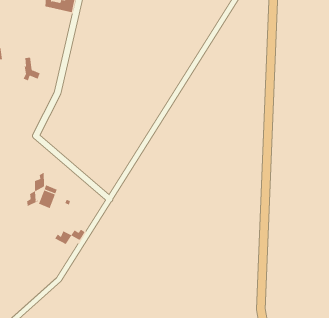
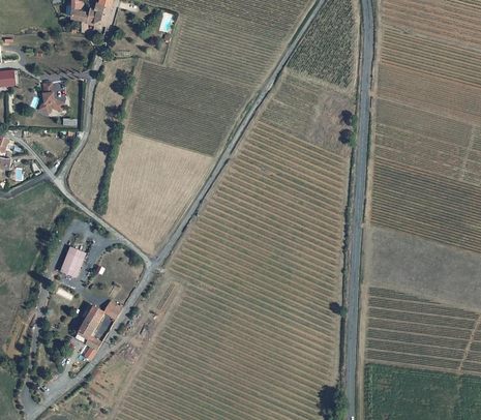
building: [27,172,45,207] -> none
building: none -> [74,316,101,359]

